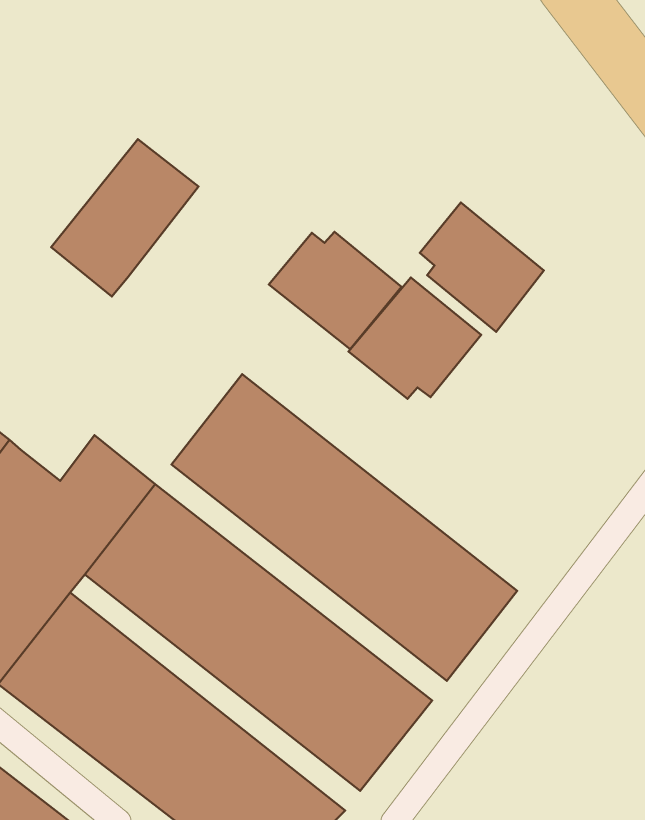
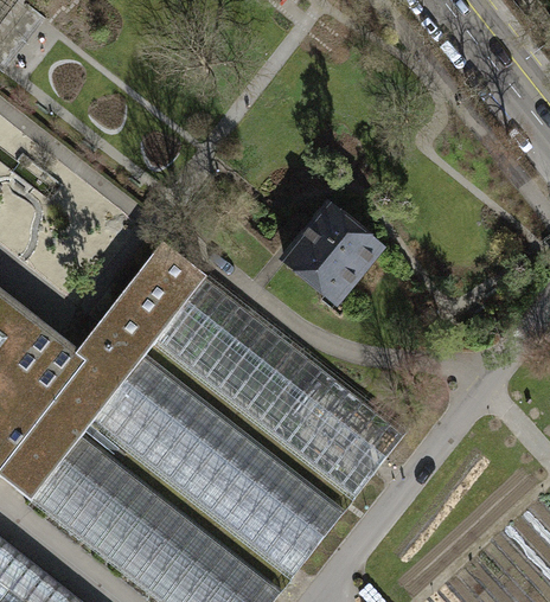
building: [51,139,199,297] -> [100,242,206,356]
building: [420,203,544,332] -> none
building: [269,232,401,349] -> none

